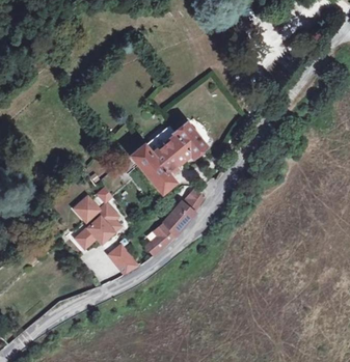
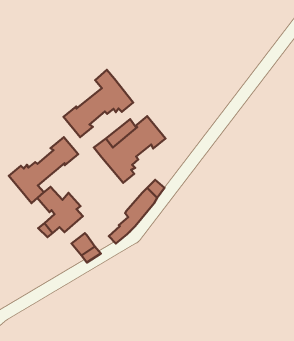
building: none -> [63,70,133,137]
building: none -> [9,137,78,203]

